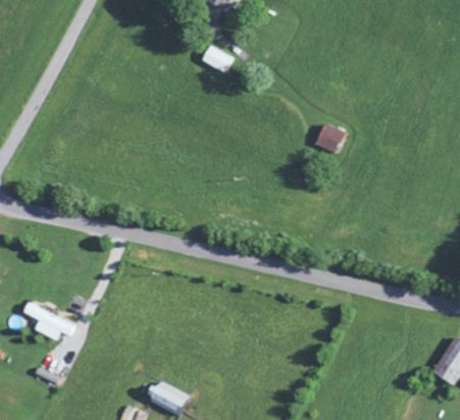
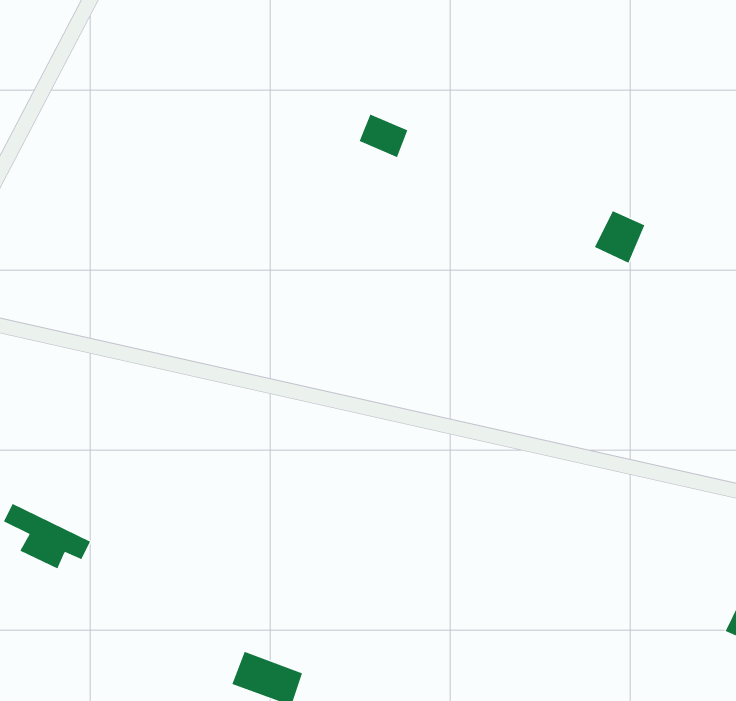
building: [205,45,233,69] -> [359,114,408,158]
building: [318,122,347,152] -> [594,211,645,264]

